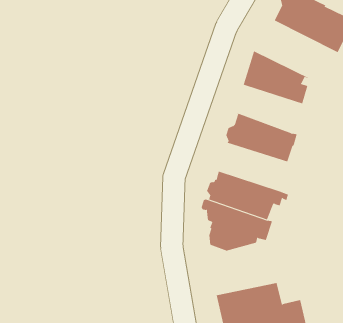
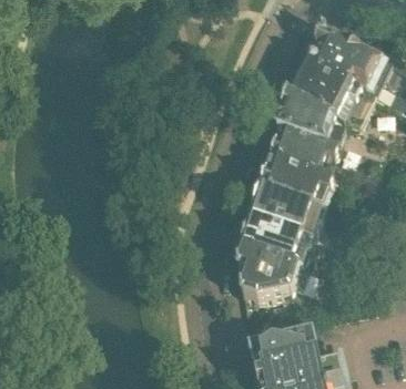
building: none -> [282,62,368,126]
building: none -> [262,130,333,178]
building: none -> [245,188,317,238]

